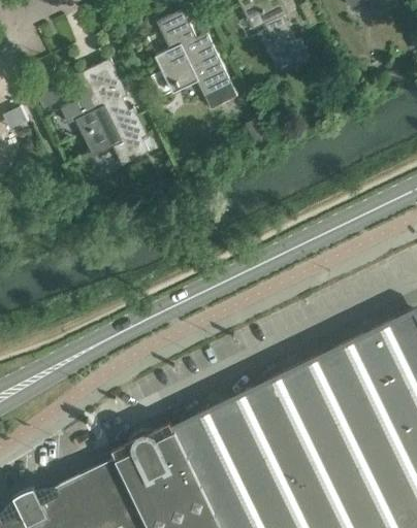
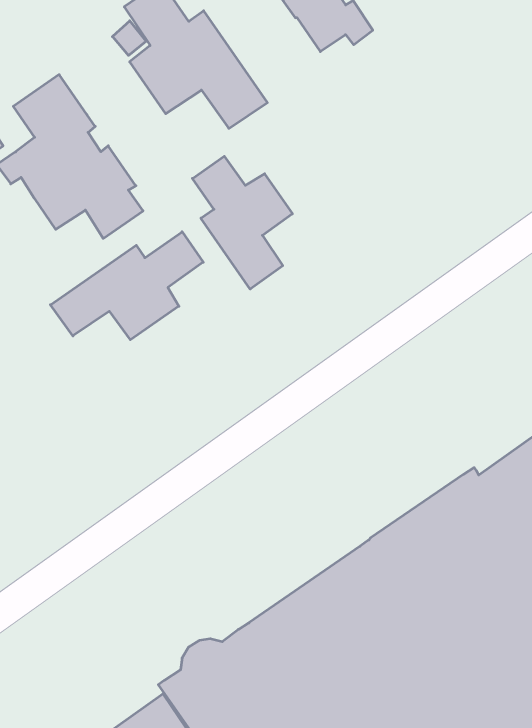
building: none -> [192,156,292,289]
building: none -> [50,232,203,340]

